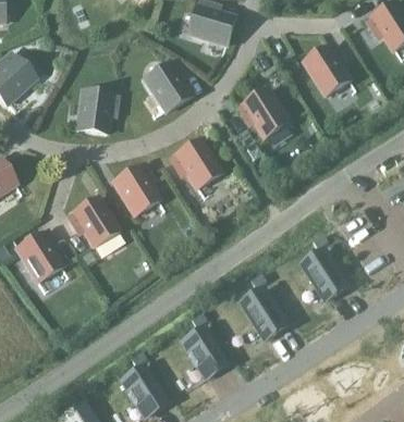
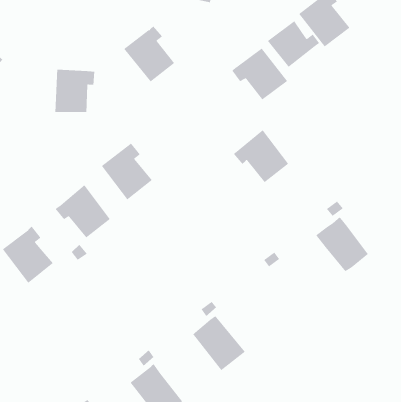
building: none -> [267,20,320,68]
building: [171,139,221,188] -> [233,129,289,183]
building: [242,287,289,338] -> none

